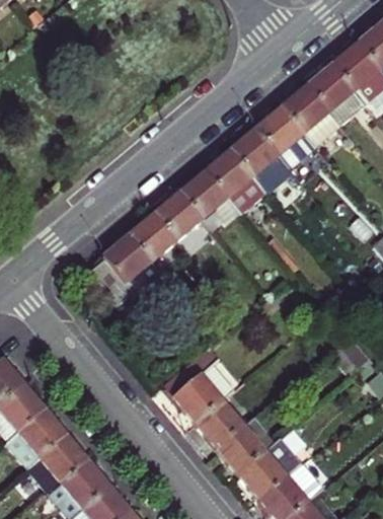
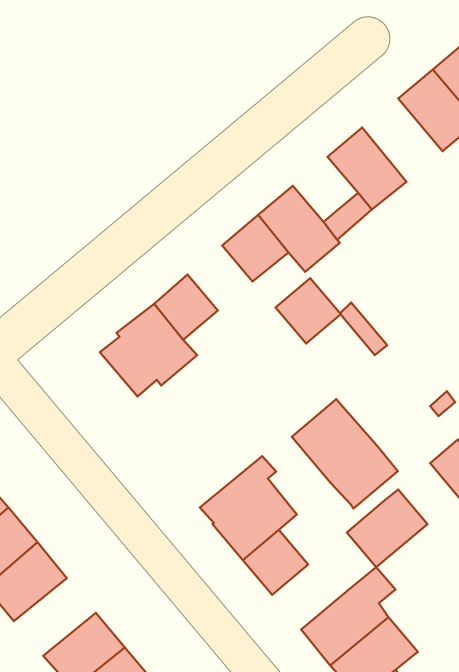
building: [282,84,340,145] -> none
building: [231,127,279,174] -> none
building: [154,192,202,239] -> [275,278,341,343]
building: none -> [292,399,398,509]
building: [216,416,275,472] -> [347,490,427,567]
building: [27,435,87,492] -> none

